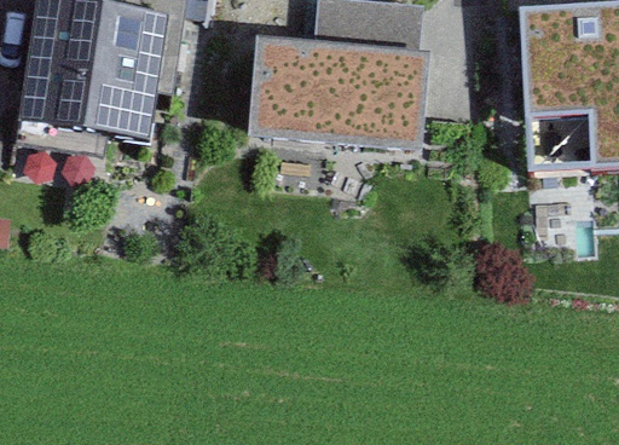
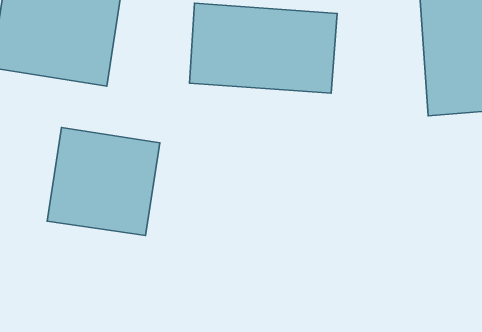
building: none -> [47,127,160,236]

